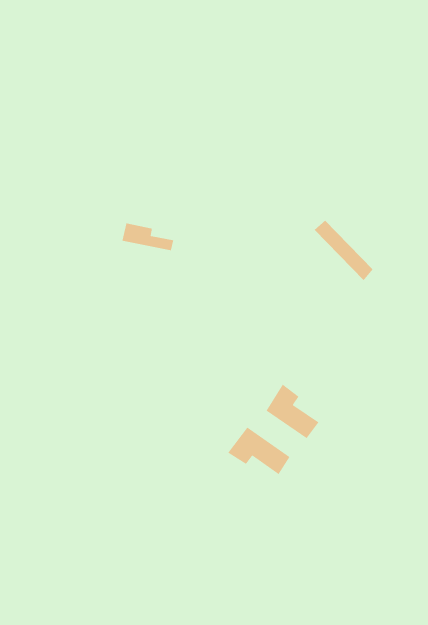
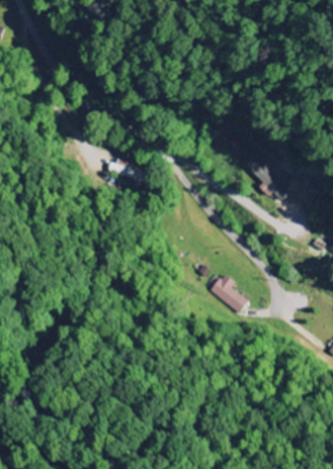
building: [227,427,291,475] -> none

